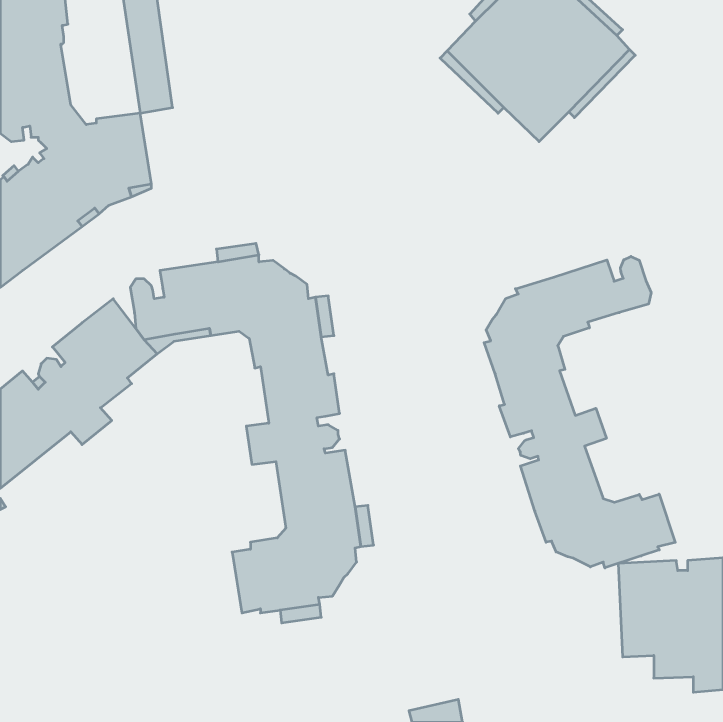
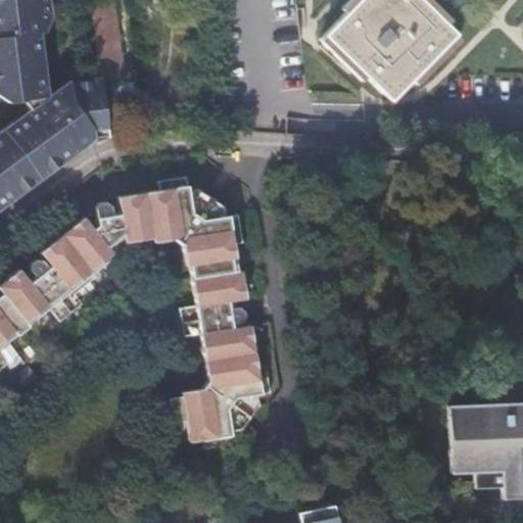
building: [484,256,675,568] -> none

